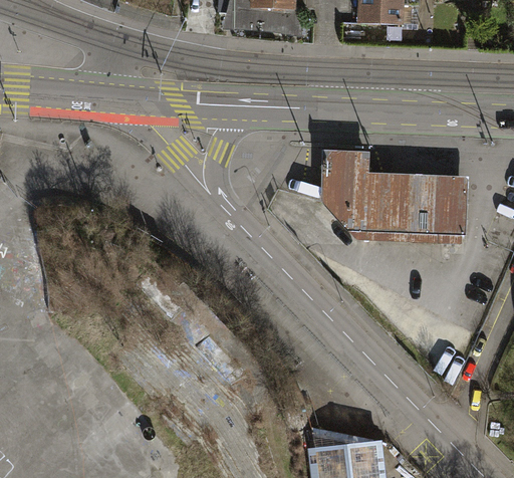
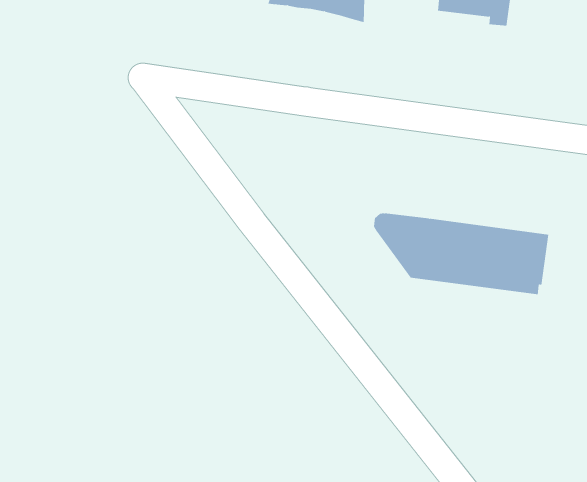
building: [319,149,467,233] -> none

